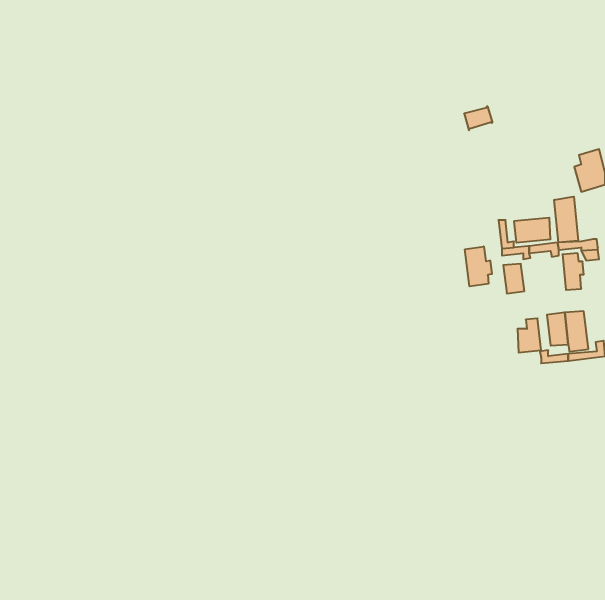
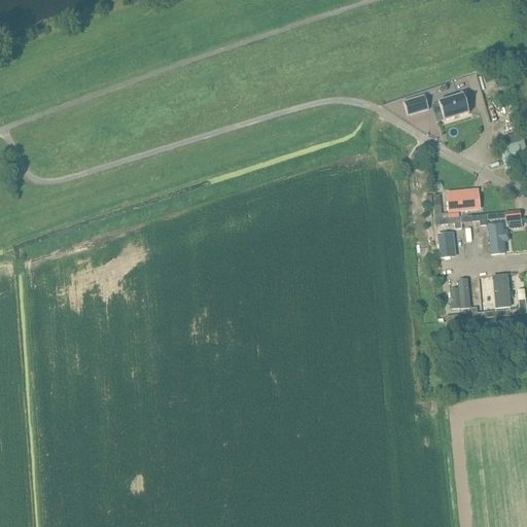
building: none -> [437,93,468,118]
building: [554,197,578,243] -> none
building: [465,246,492,286] -> none

